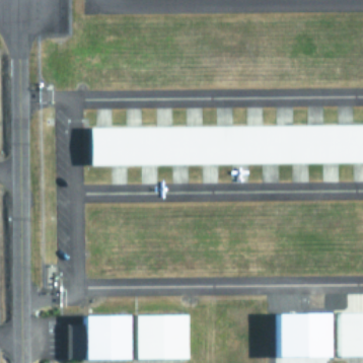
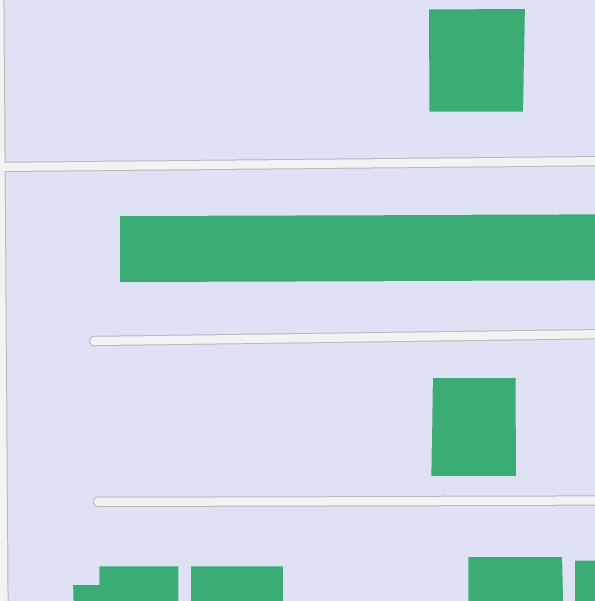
building: none -> [428,8,526,112]
building: none -> [430,377,517,477]

